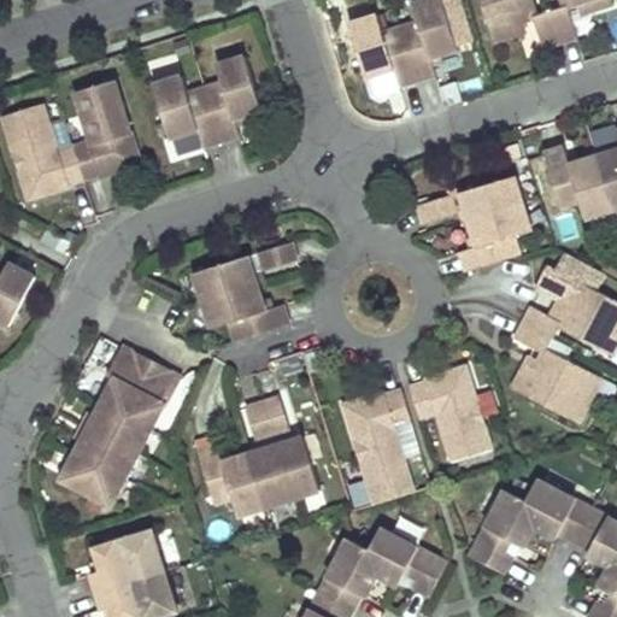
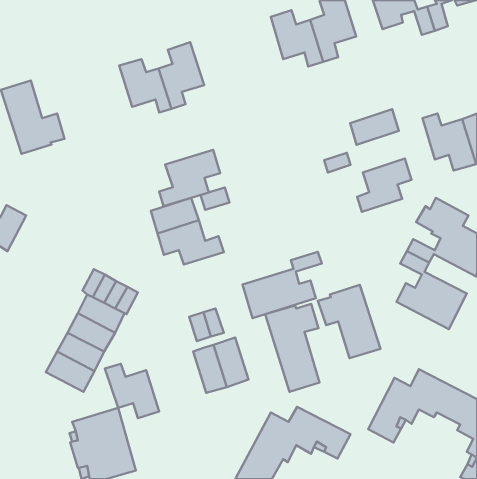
building: [74,81,139,178] -> none
building: [458,176,521,222] -> [350,109,399,145]
building: none -> [159,150,220,206]
building: none -> [243,252,322,318]
building: [195,443,265,513] -> [105,364,159,418]

